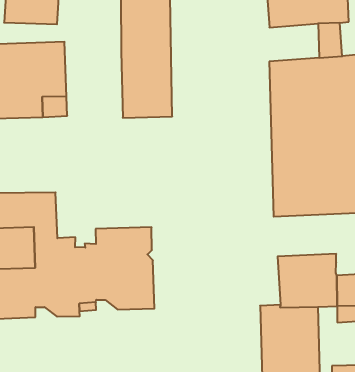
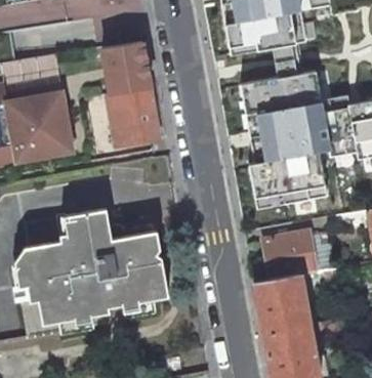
building: none -> [75,208,114,256]

